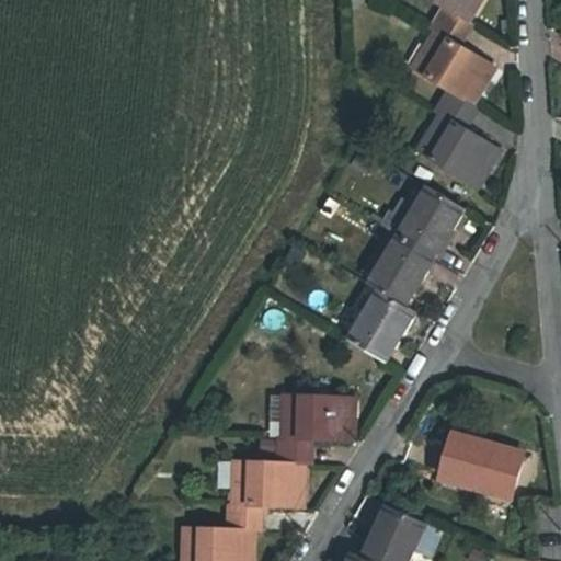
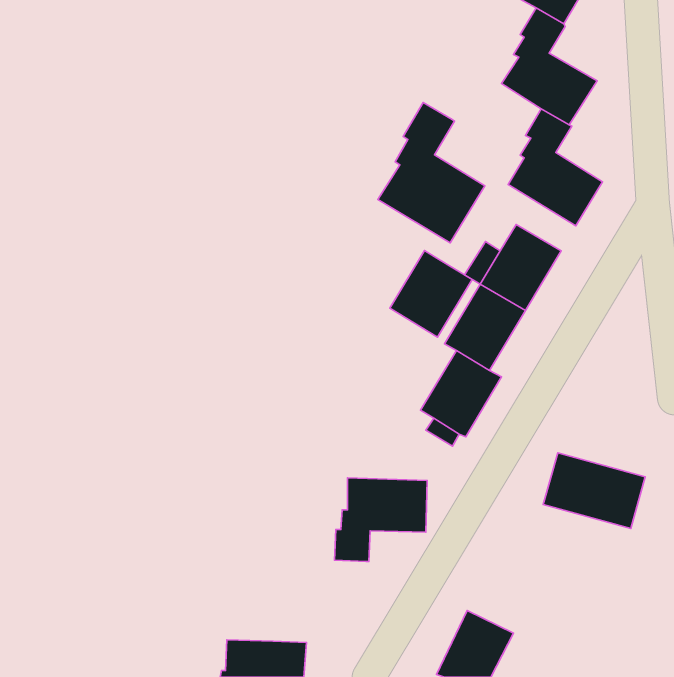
building: none -> [378,103,485,243]
building: none -> [390,250,472,337]
building: [438,434,523,496] -> [543,453,645,528]
building: [226,461,302,530] -> none

